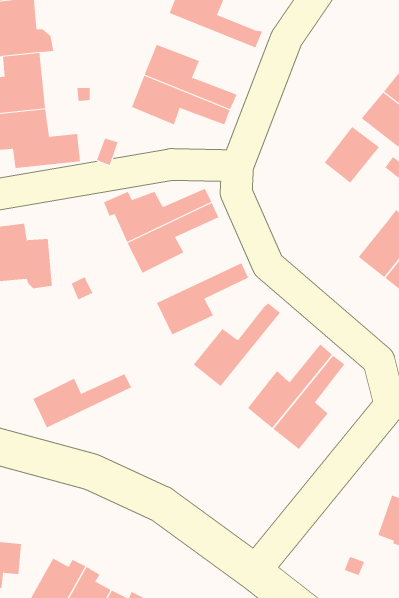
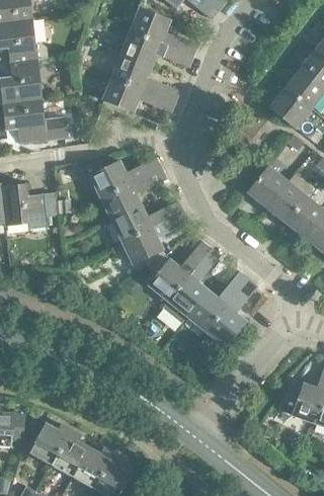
building: none -> [111,27,193,68]
building: [324,126,380,184] -> [248,166,289,208]
building: none -> [168,248,221,317]
building: [32,374,132,428] -> [111,201,183,241]

